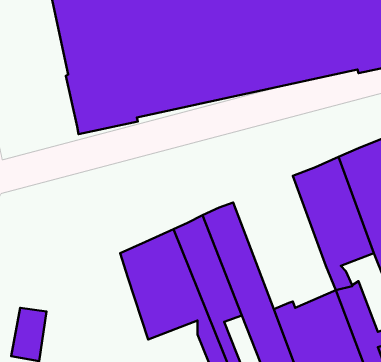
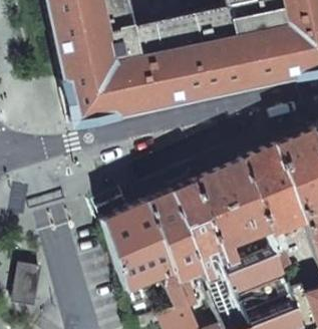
building: none -> [196,160,269,266]

